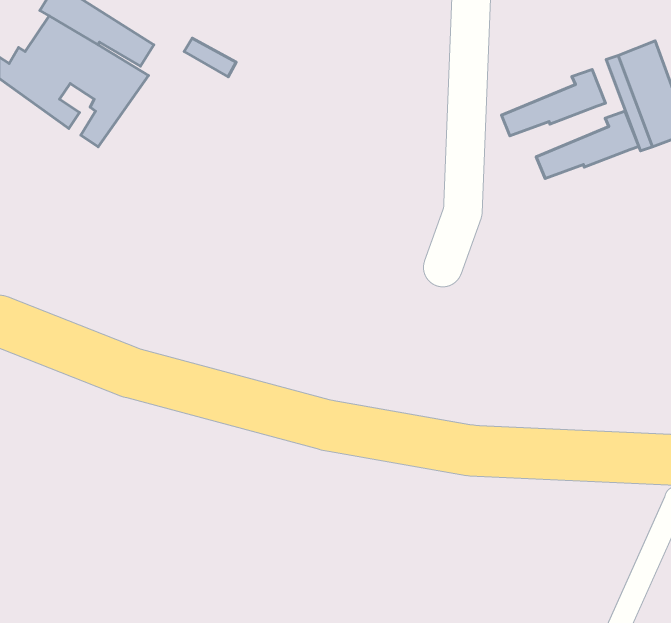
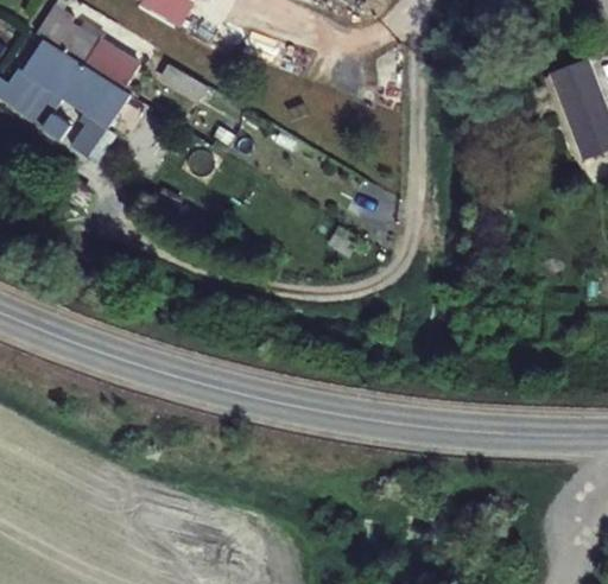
building: [501,69,606,136] -> none
building: [536,111,639,178] -> none

